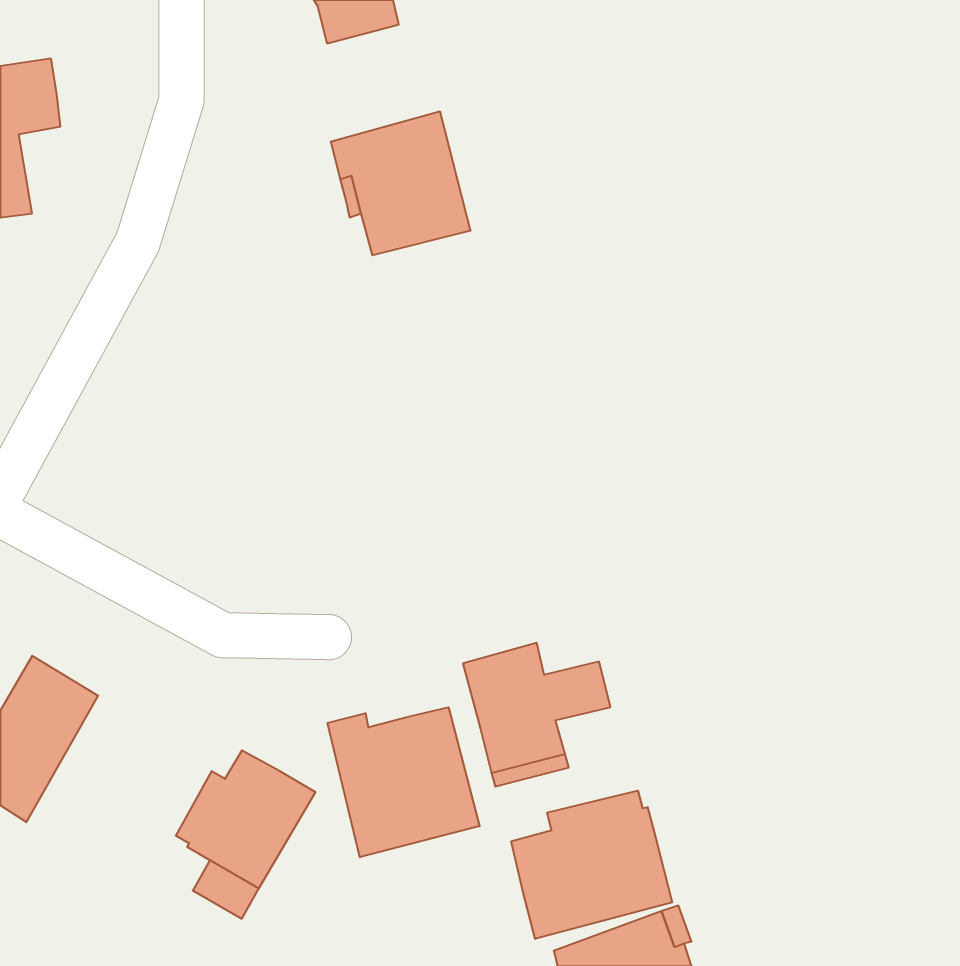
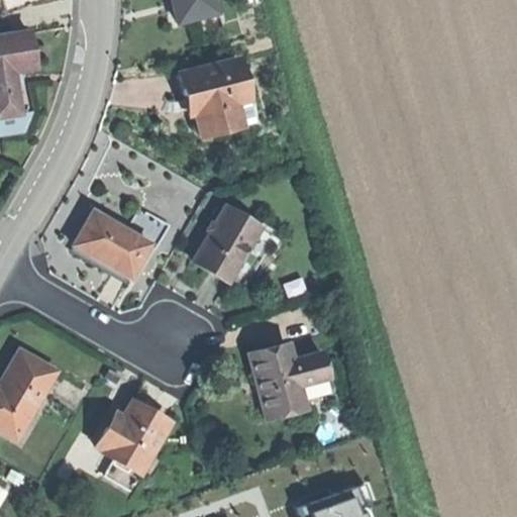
building: none -> [195,207,261,282]
building: none -> [75,212,150,278]
building: [328,707,480,857] -> none
building: [511,791,672,939] -> none

